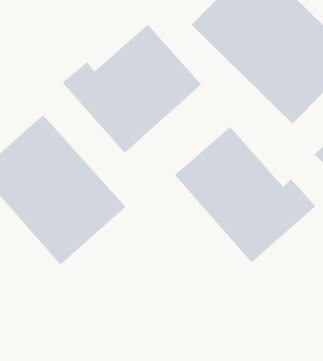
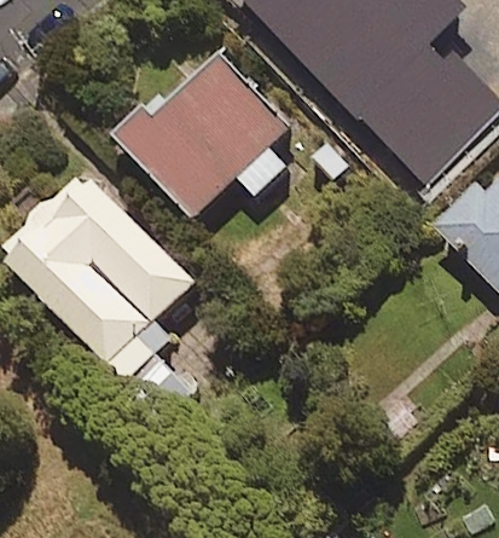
building: [174,126,316,264] -> none

